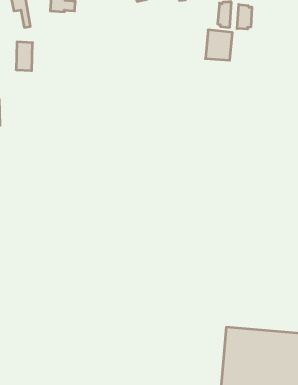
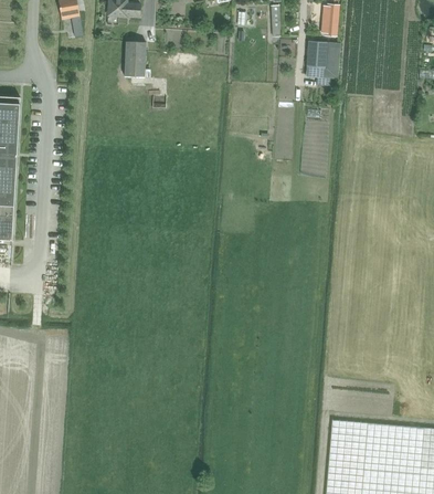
building: [237,4,252,29] -> none
building: [16,42,33,71] -> [125,41,146,77]

